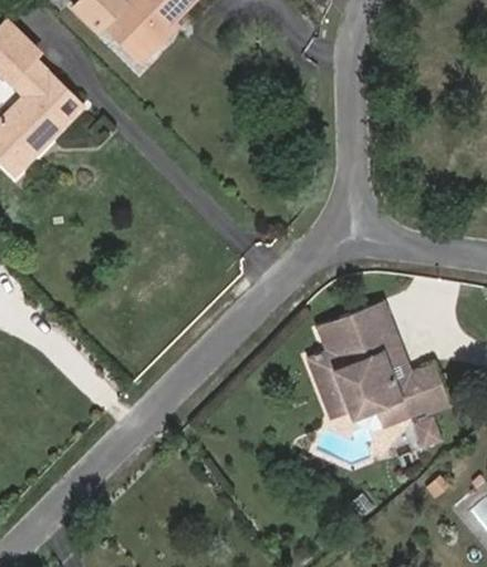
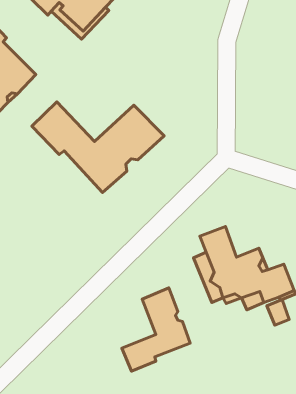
building: none -> [32,102,164,193]
building: [349,306,395,359] -> none
building: none -> [122,288,190,371]

